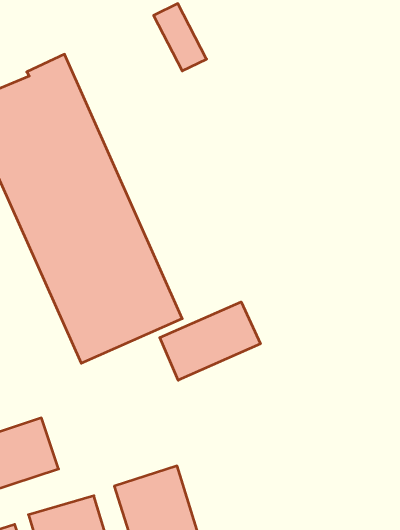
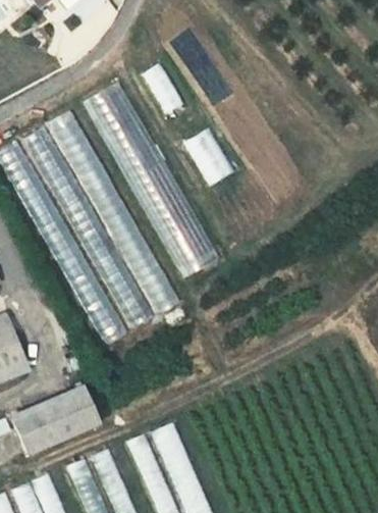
building: none -> [88,81,214,280]
building: none -> [183,133,230,185]
building: [160,302,260,380] -> none

